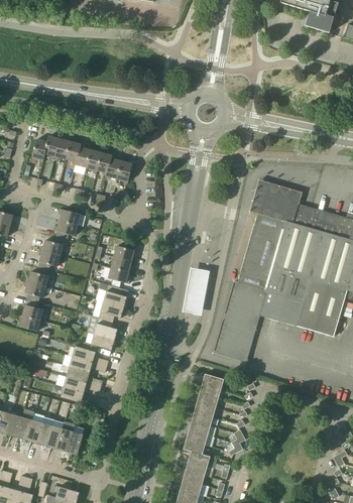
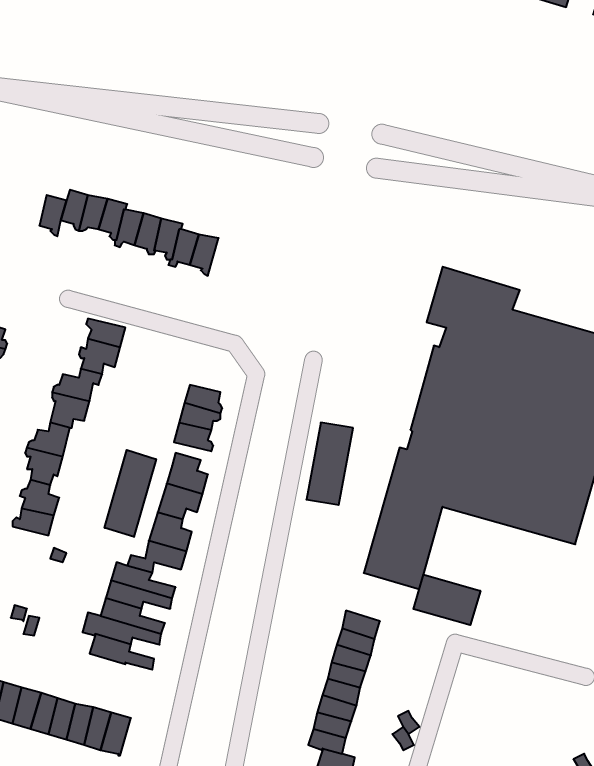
building: none -> [105,450,156,537]
building: none -> [413,575,480,625]

